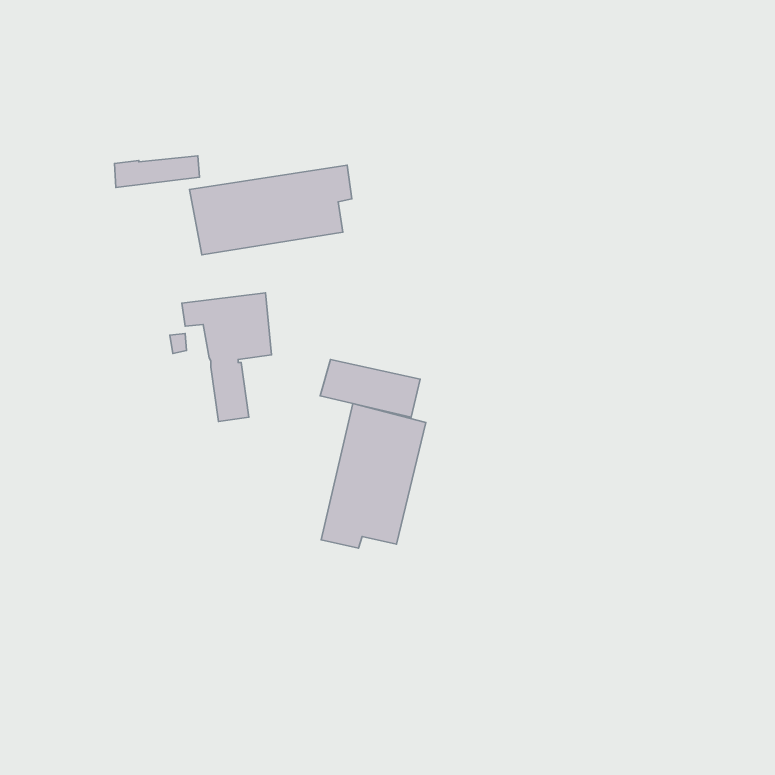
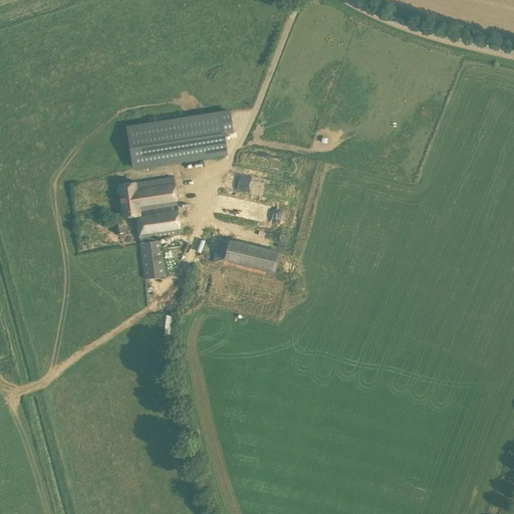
building: [114,156,199,188] -> [119,180,176,201]
building: [321,404,426,548] -> none

